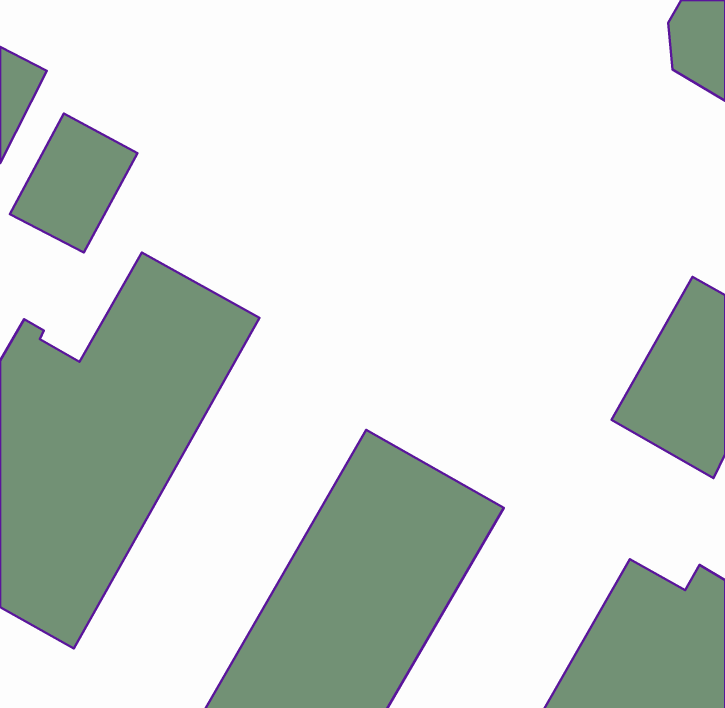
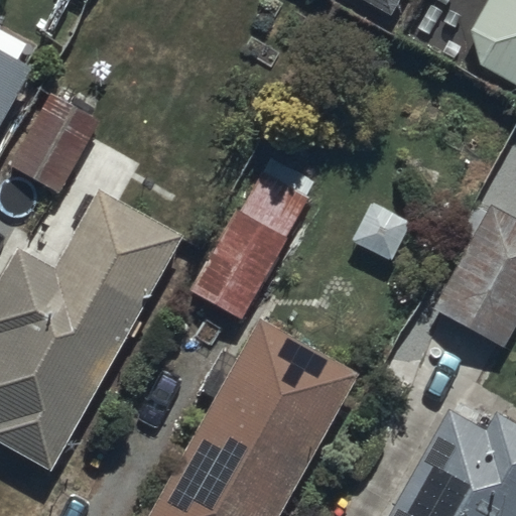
building: none -> [191,164,315,321]

